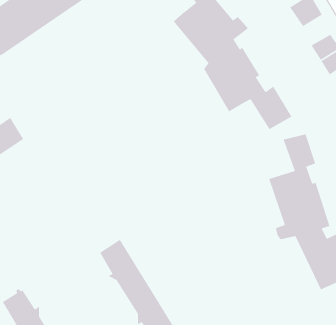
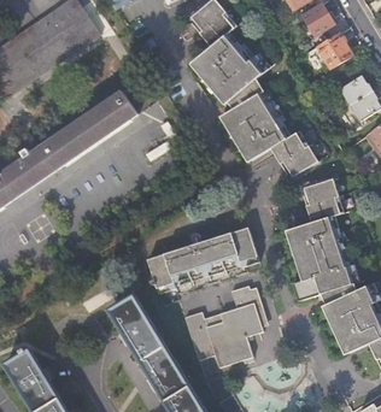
building: none -> [14,92,136,188]
building: none -> [147,226,258,292]
building: none -> [183,283,264,366]

